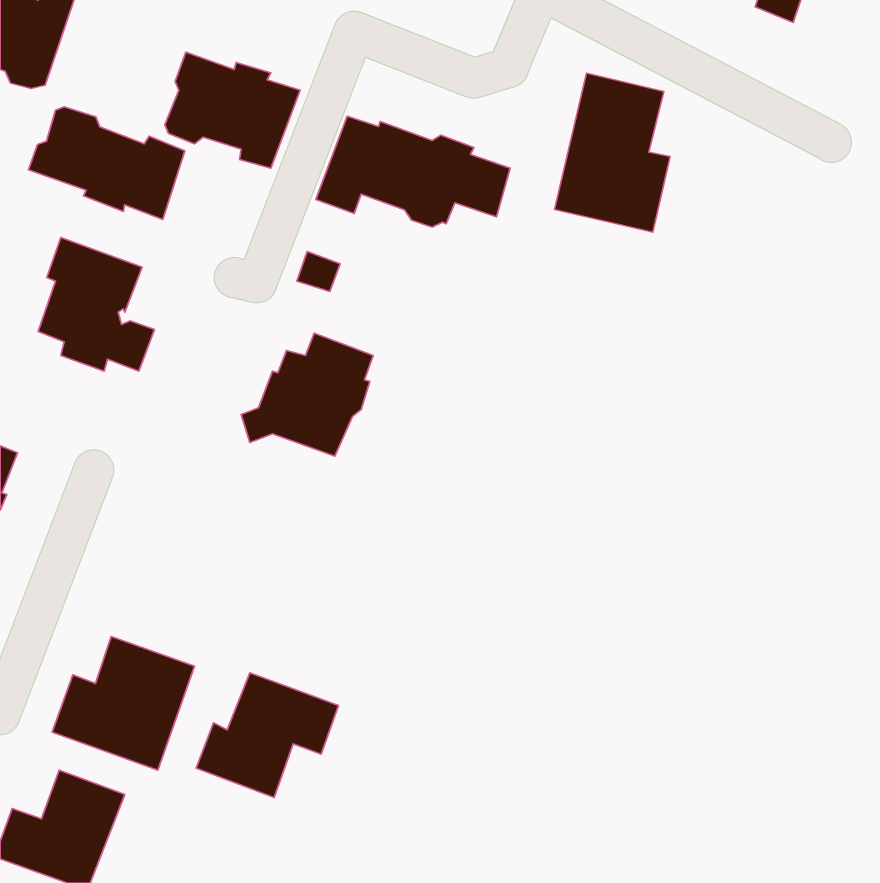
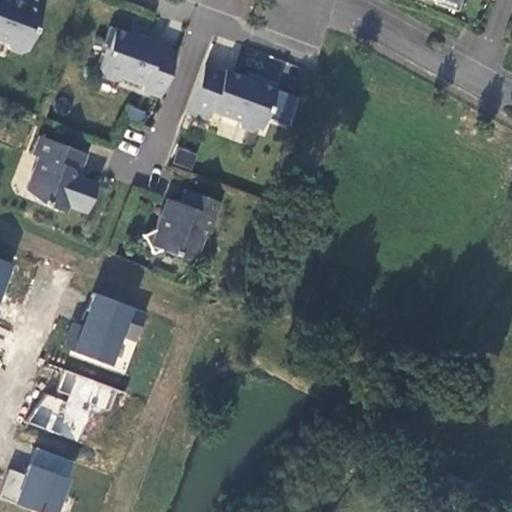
building: [554,73,670,232] -> none
building: [29,107,185,220] -> none
building: [196,673,338,798] -> [66,290,148,362]

